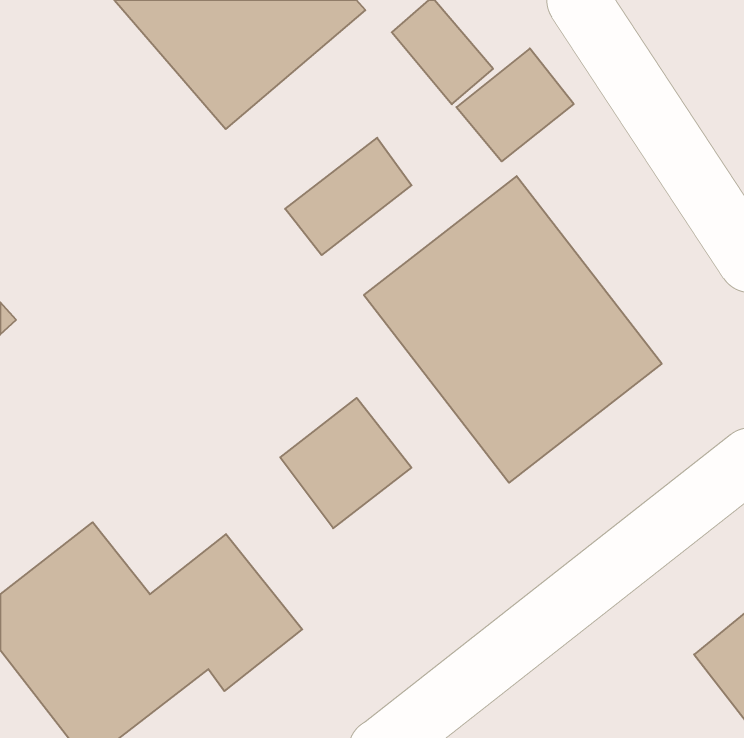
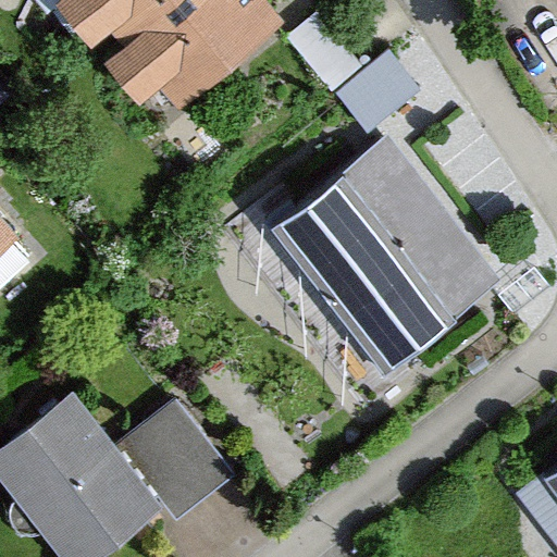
building: [285,138,412,255] -> none
building: [280,398,411,528] -> none

